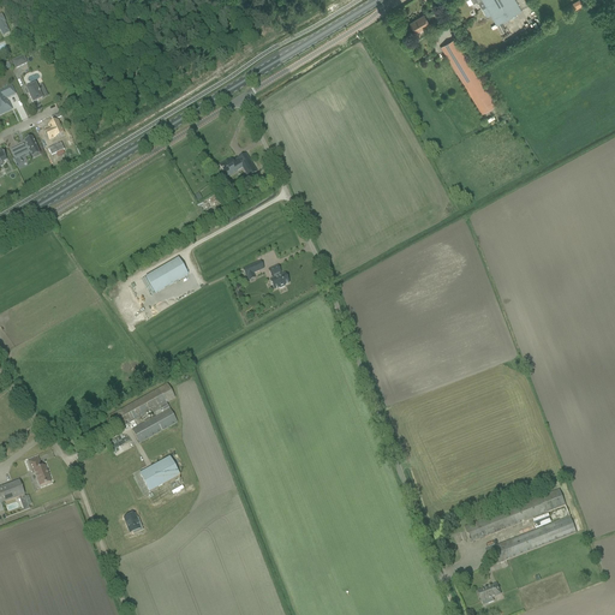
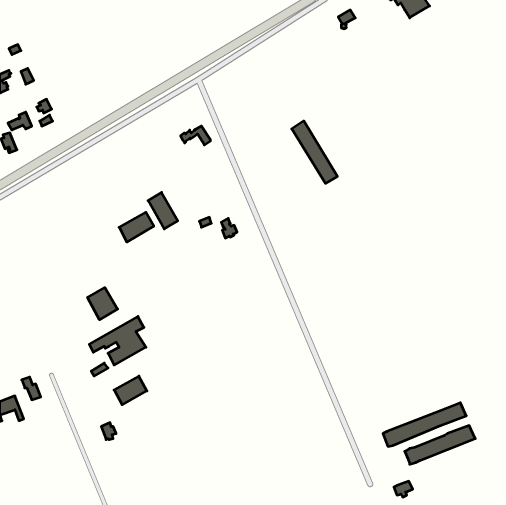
building: [440,35,495,111] -> [292,121,337,183]
building: none -> [148,192,178,229]
building: none -> [88,288,118,320]

